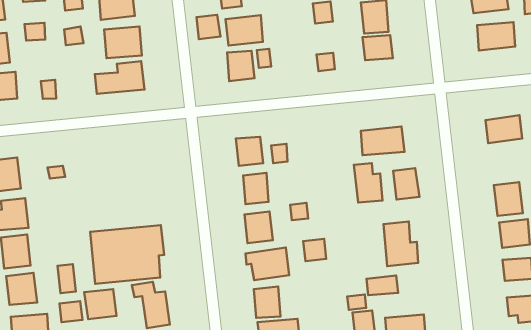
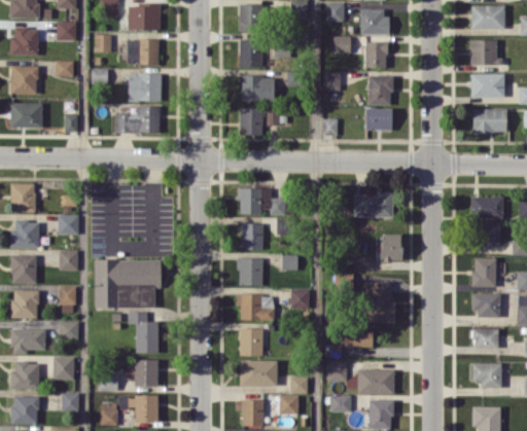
building: [196,15,220,39] -> none
building: none -> [477,223,500,247]
building: [354,163,383,203] -> none
building: none -> [58,215,79,235]
building: none -> [59,250,78,271]
building: [84,289,116,319] -> none

